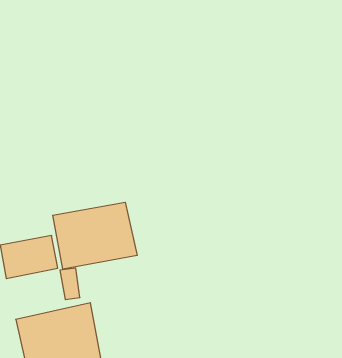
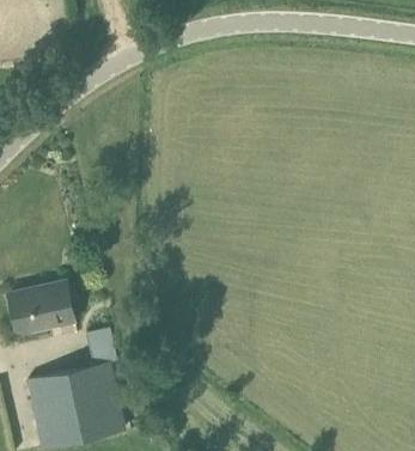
building: [53,202,137,269] -> none

